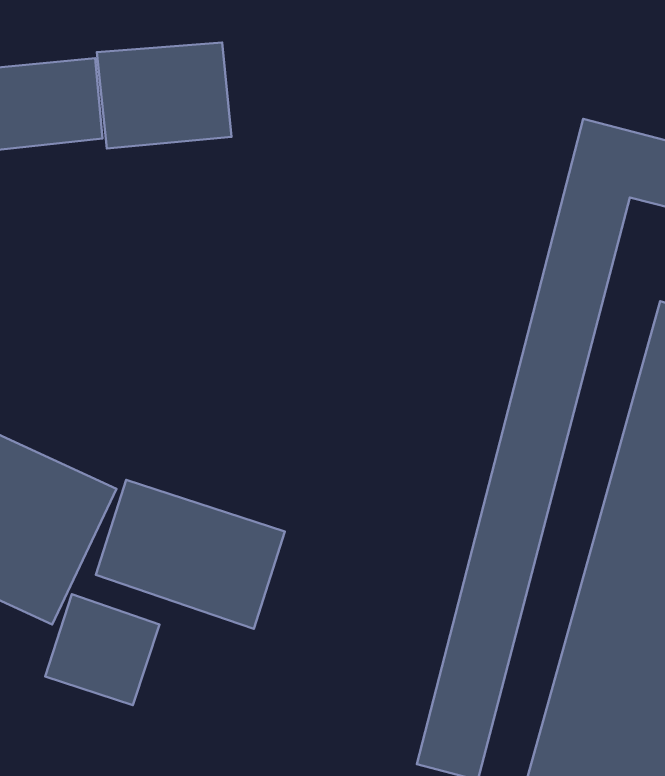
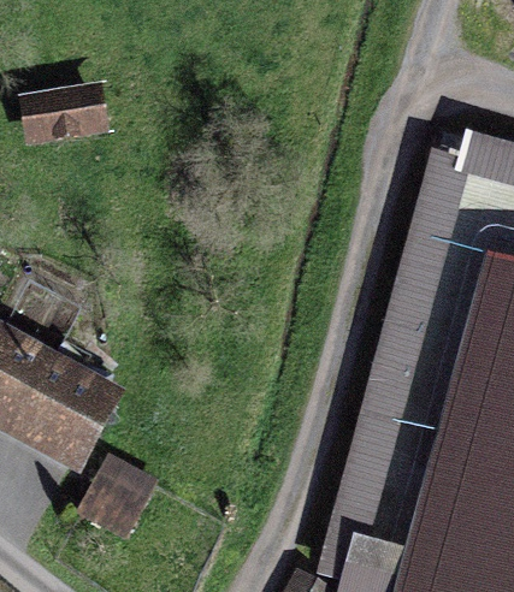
building: [97,42,231,149] -> none
building: [96,480,285,629] -> none

